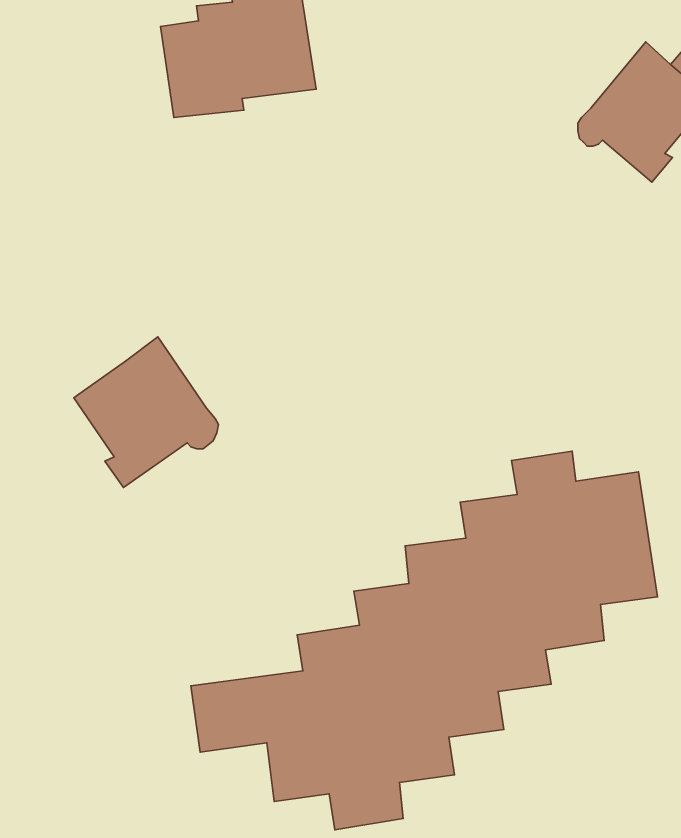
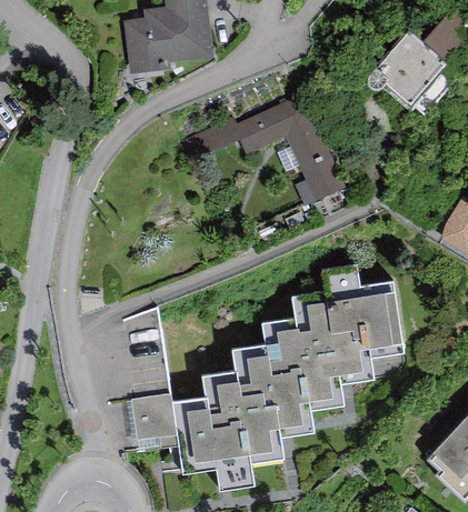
building: none -> [199,93,345,207]
building: [74,337,218,488] -> none

